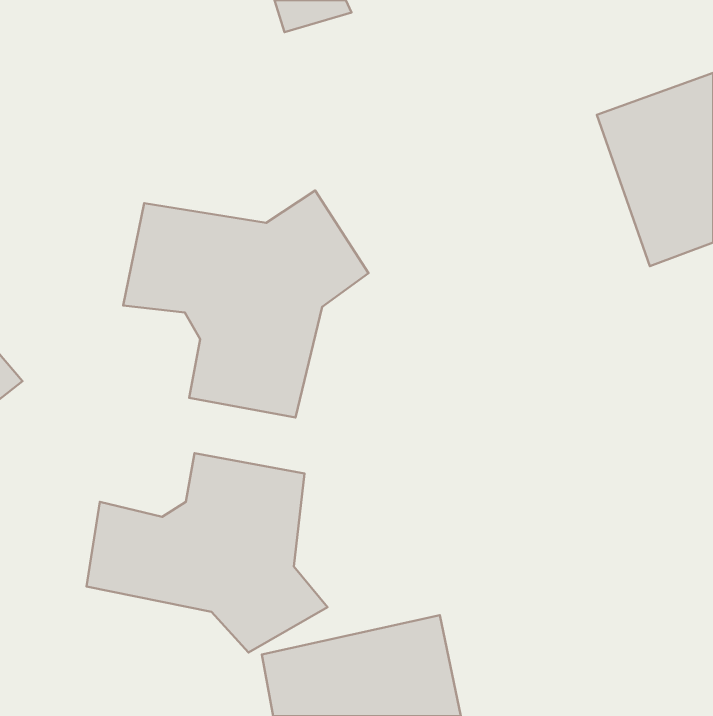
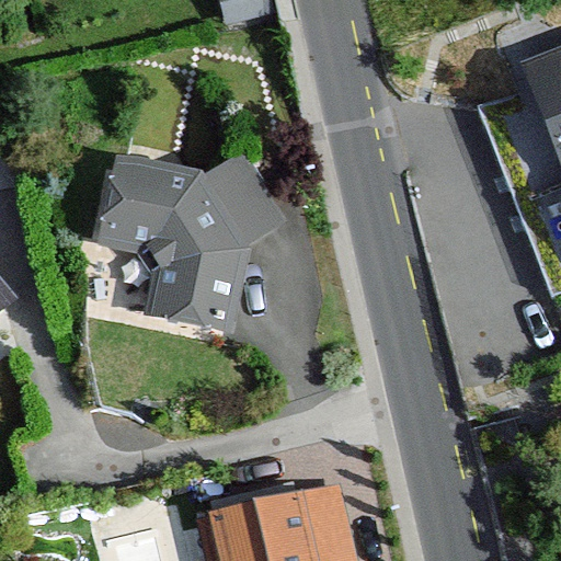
building: [86,453,328,652] -> none

